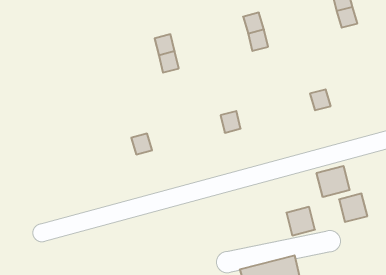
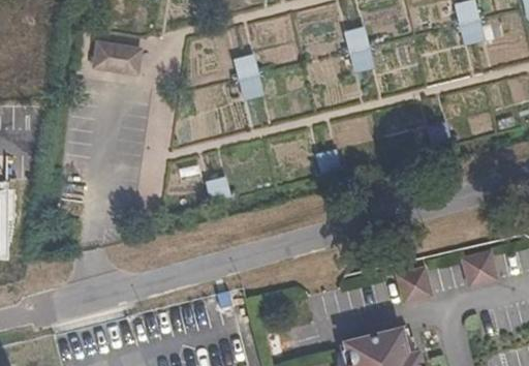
building: none -> [92,40,142,75]
building: [317,166,350,197] -> none

